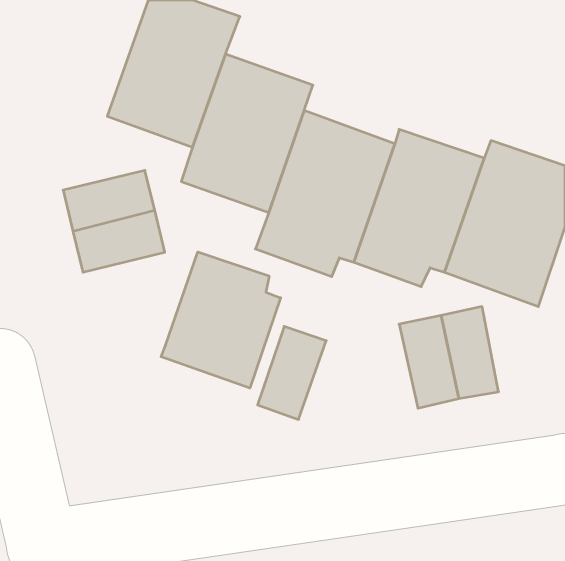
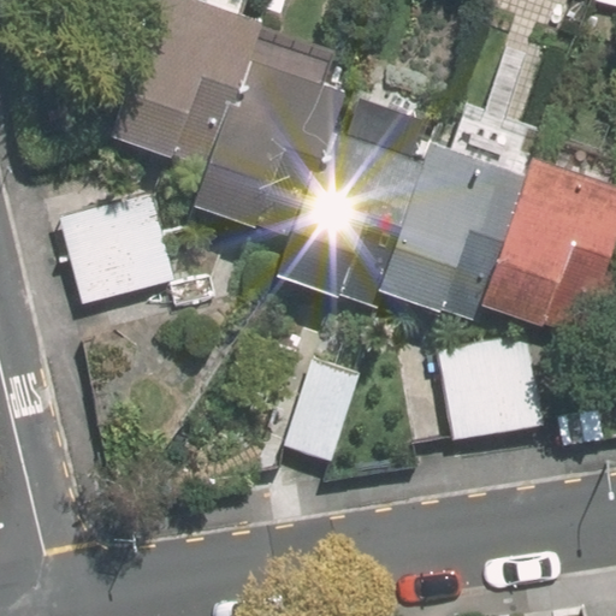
building: [161,252,281,388] -> none

